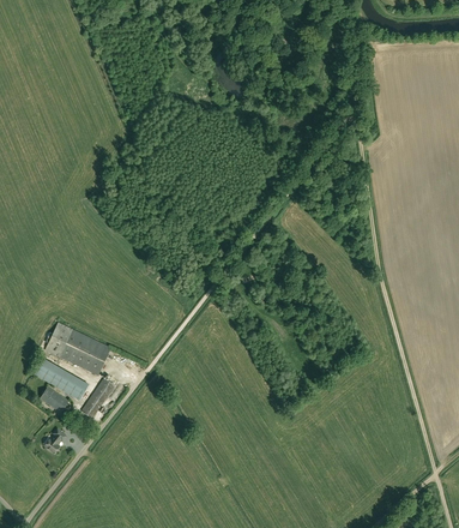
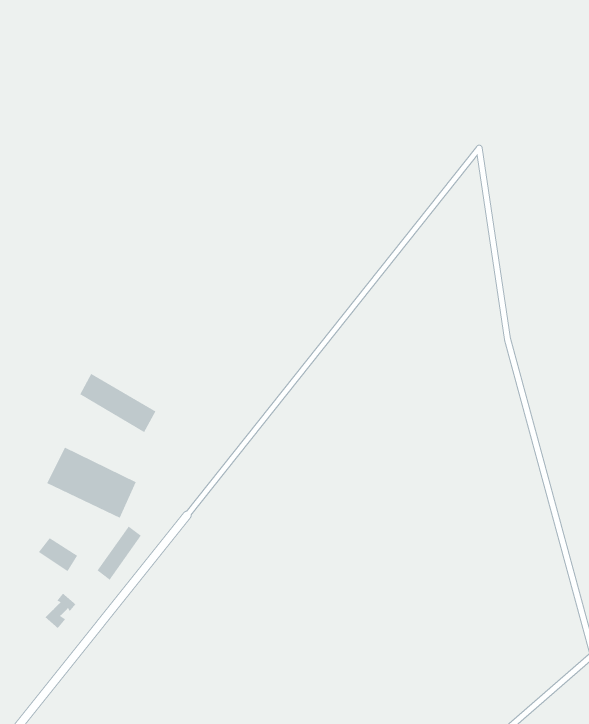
building: [34,358,89,401] -> [79,373,156,433]

